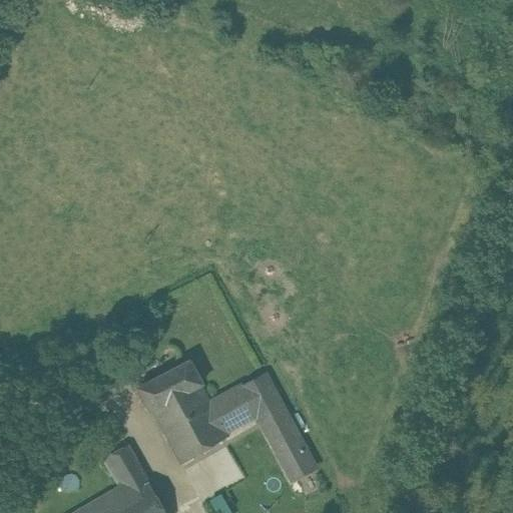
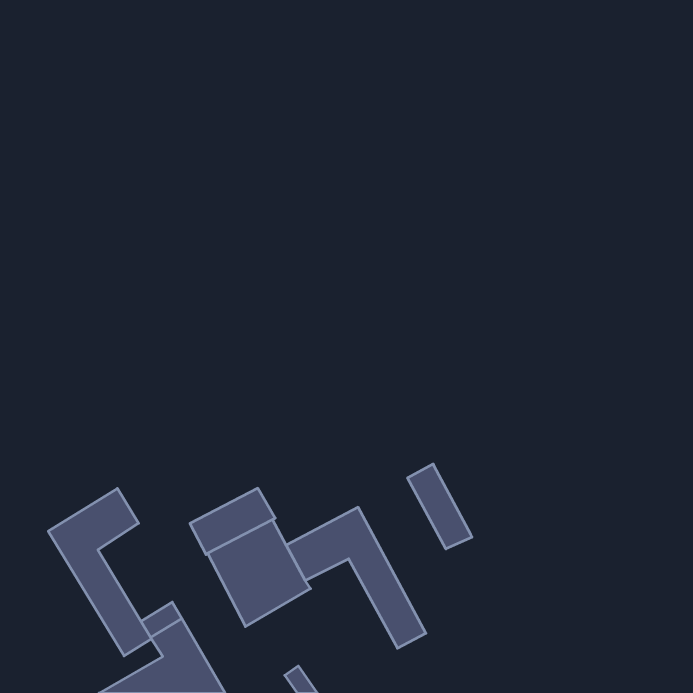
building: none -> [408,464,472,549]
building: none -> [48,488,151,656]

